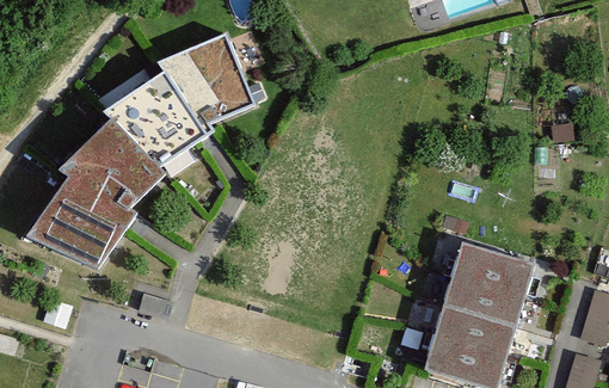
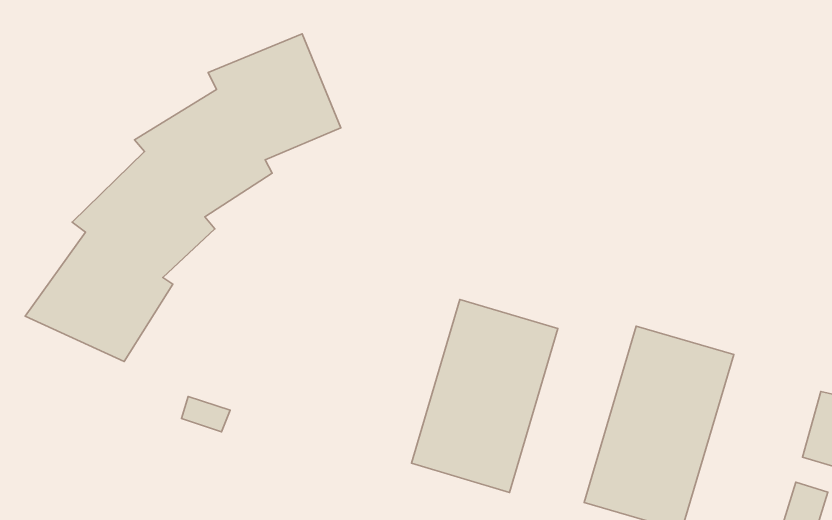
building: none -> [411,299,558,492]

